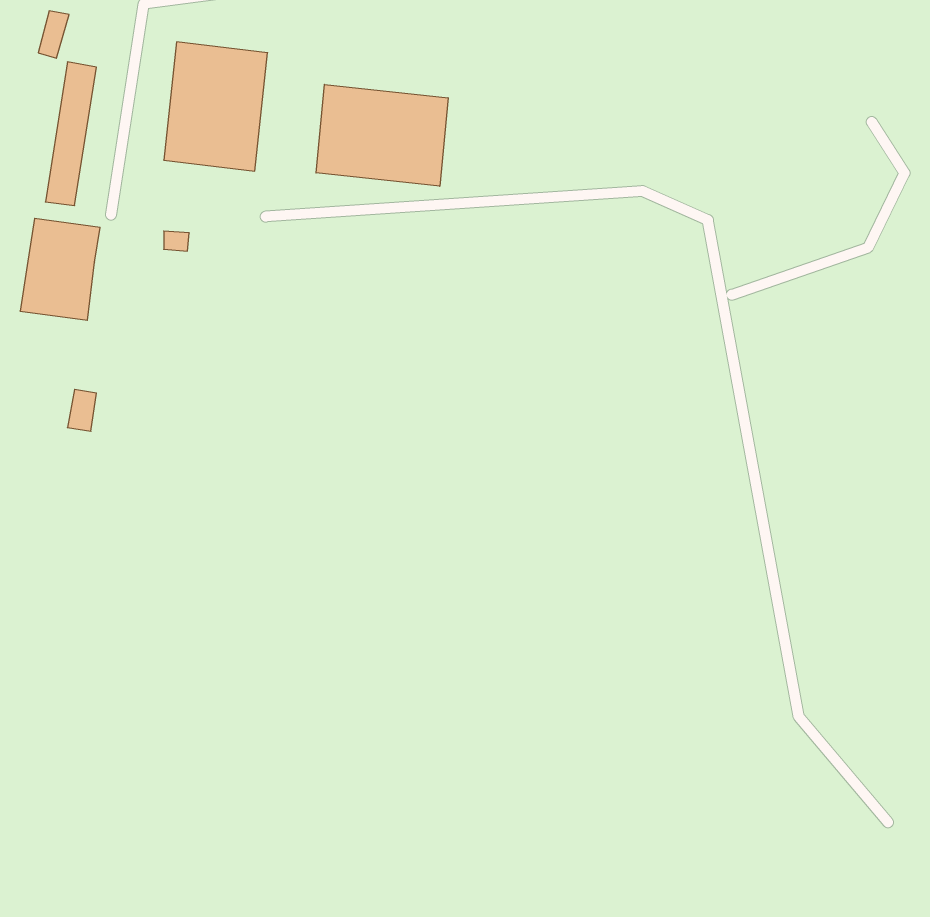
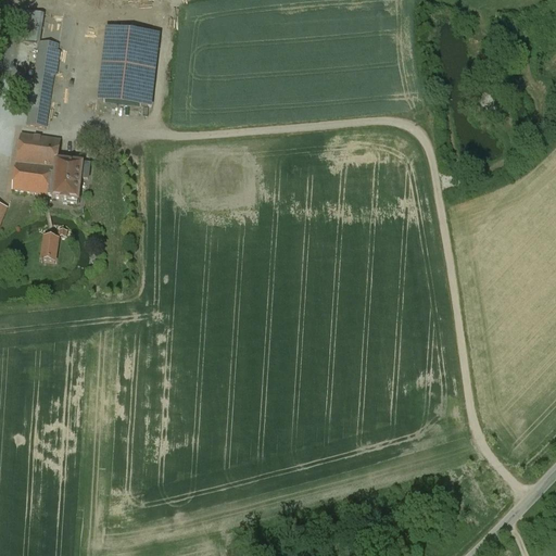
building: [316,84,448,186] -> none
building: none -> [52,156,89,200]

